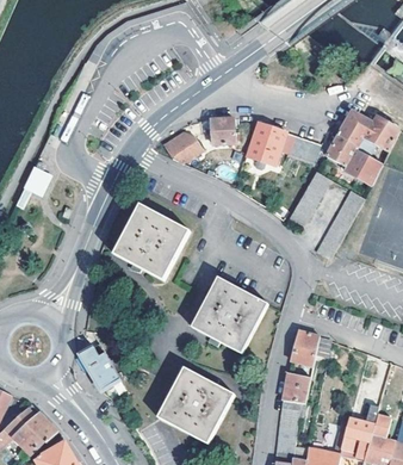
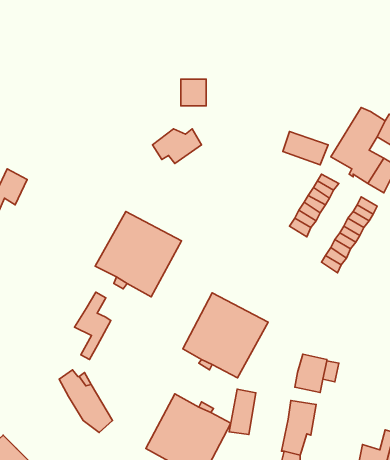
building: [211,119,234,143] -> [181,79,206,106]
building: [248,123,287,166] -> none
building: none -> [75,292,111,360]
building: none -> [229,389,256,434]

